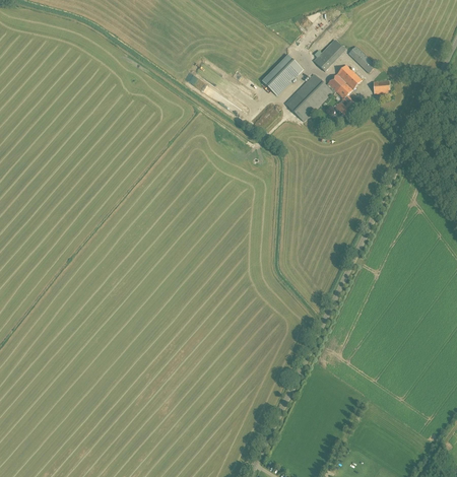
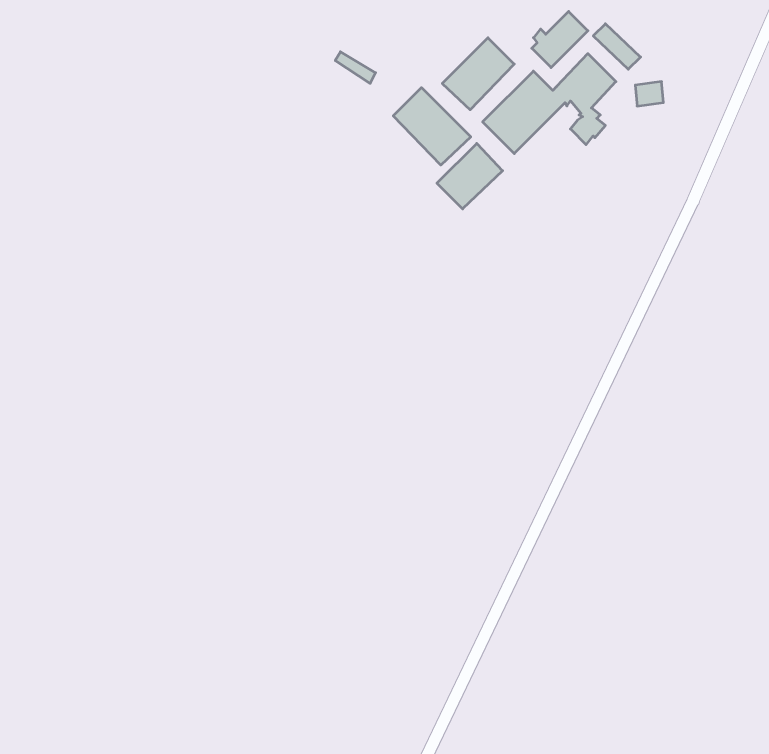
building: none -> [393,88,471,165]
building: none -> [437,143,503,209]

